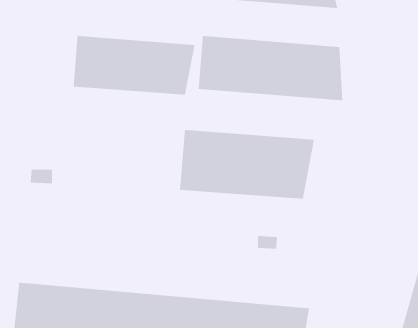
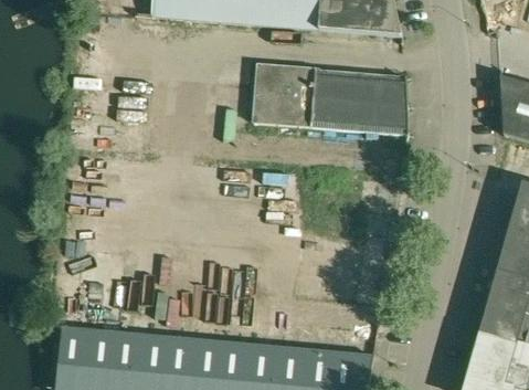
building: [73,35,195,95] -> none
building: [180,129,315,199] -> none

